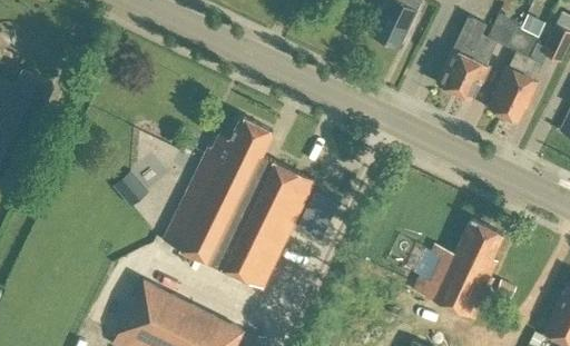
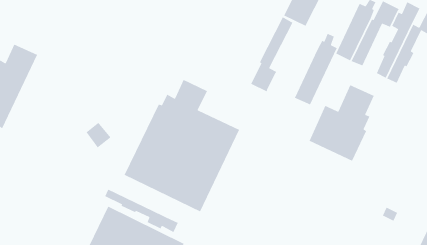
building: none -> [250,16,294,92]
building: none -> [294,33,338,105]
building: [417,219,503,319] -> [308,84,375,162]
building: none -> [104,188,179,233]

